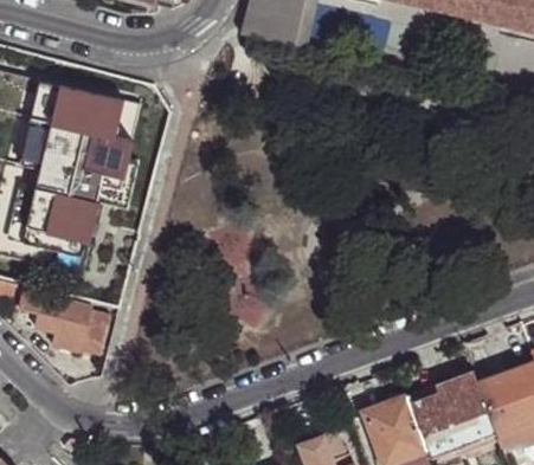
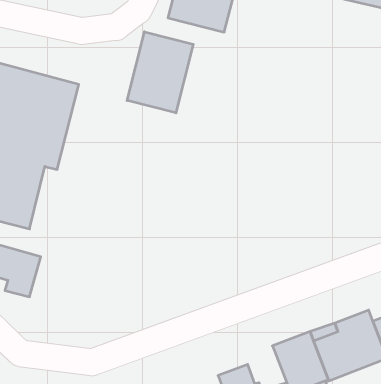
building: none -> [127,32,193,113]

